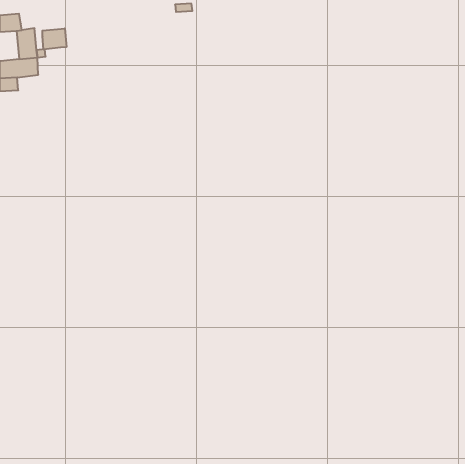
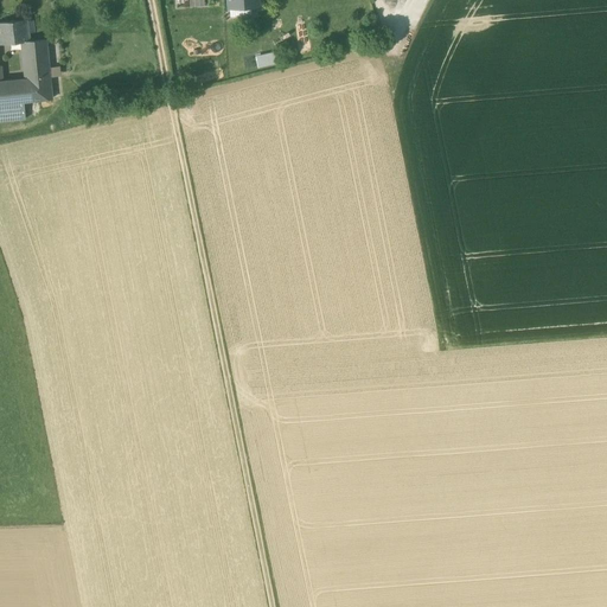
building: [42,28,66,49] -> none

